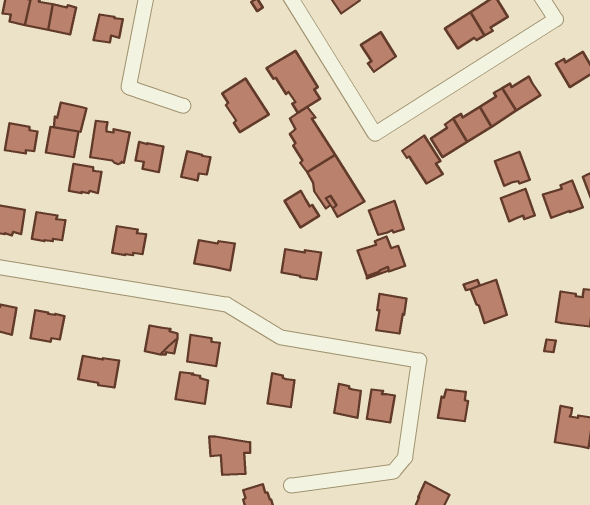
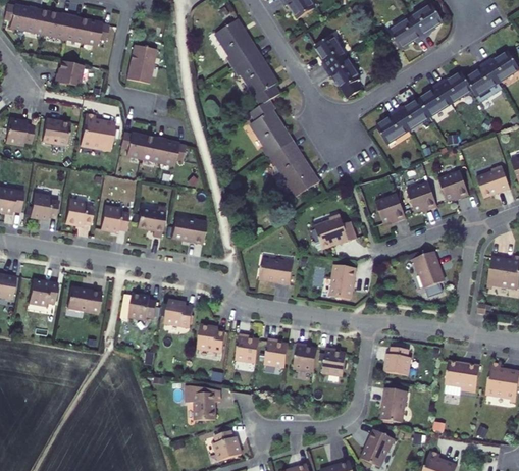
building: none -> [62,14,88,43]
building: none -> [125,44,156,84]
building: none -> [466,63,503,104]
building: [222,78,269,132] -> [218,20,259,67]
building: [54,103,86,132] -> [54,60,83,86]
building: [402,135,443,183] -> [327,57,363,99]
building: none -> [140,136,164,162]
building: [495,152,530,186] -> [406,182,436,212]
building: [69,164,101,193] -> [64,199,93,224]
building: [284,191,319,228] -> none
building: [369,201,404,235] -> [374,194,405,223]
building: none -> [136,211,164,237]
building: [282,249,321,279] -> [259,258,294,284]
building: [78,356,119,387] -> [65,286,101,314]
building: [176,372,208,404] -> [196,325,224,353]
building: none -> [263,338,288,367]
building: none -> [445,361,479,391]
building: none -> [380,388,407,423]

